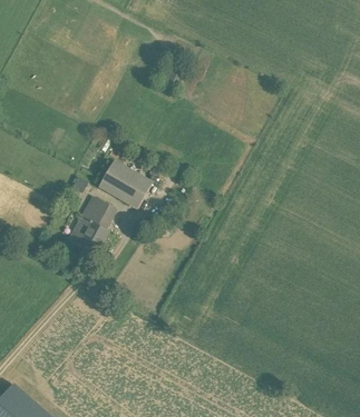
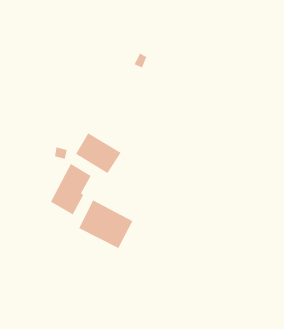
building: none -> [79,200,133,249]

